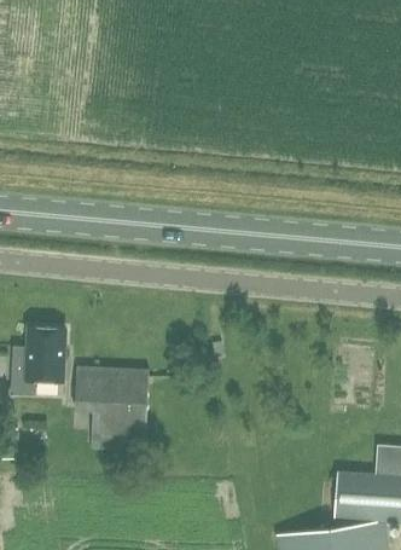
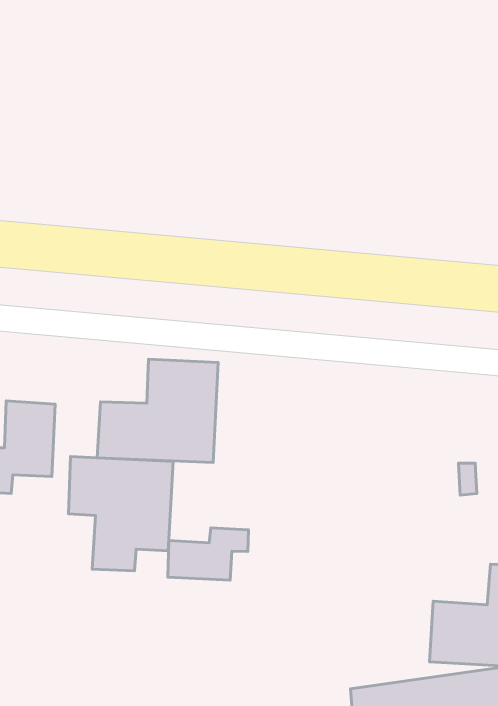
building: none -> [97,359,218,462]
building: none -> [168,528,248,580]

